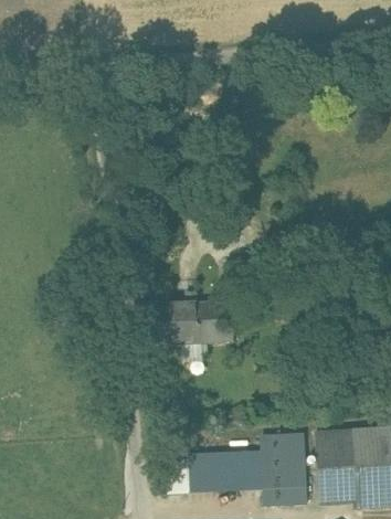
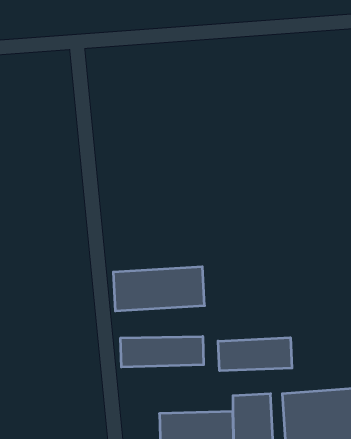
building: none -> [121,336,204,367]
building: none -> [218,338,292,371]

